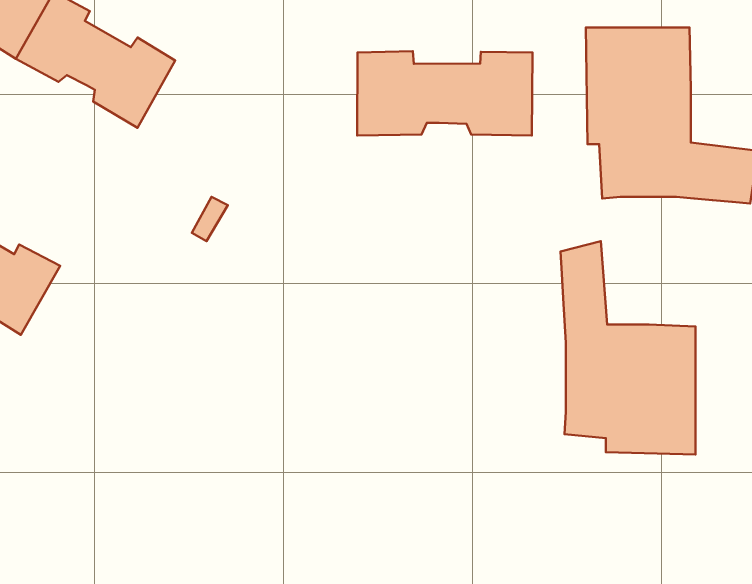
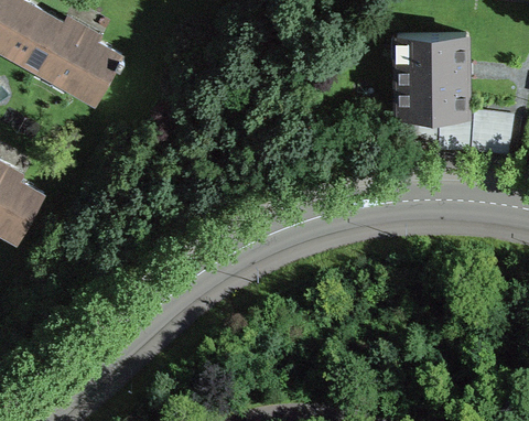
building: [357,51,532,136] -> none
building: [561,241,695,454] -> none

